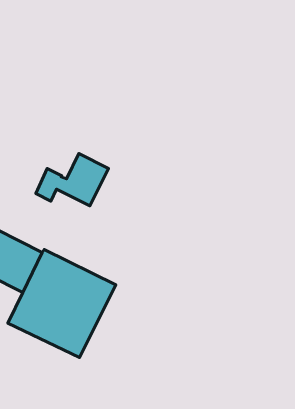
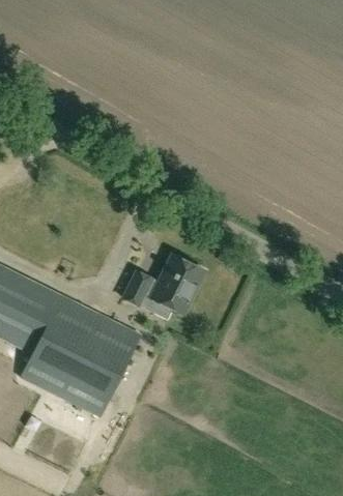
building: [36,154,108,206] -> [122,252,203,310]

